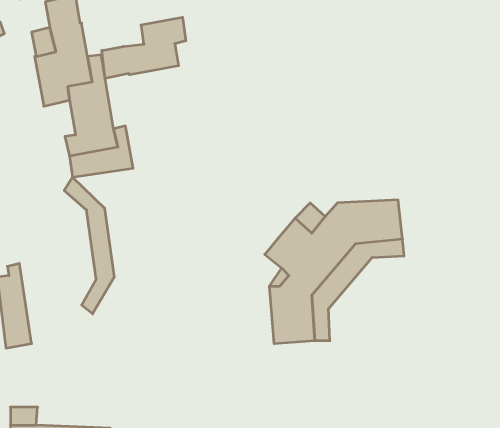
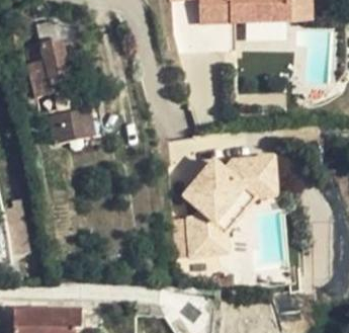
building: [102,17,186,78] -> none
building: [64,177,114,314] -> none

